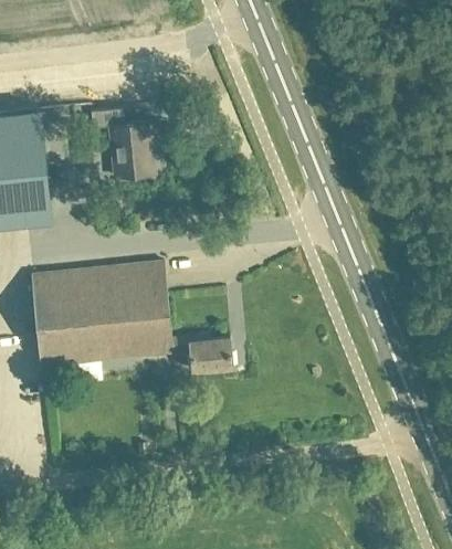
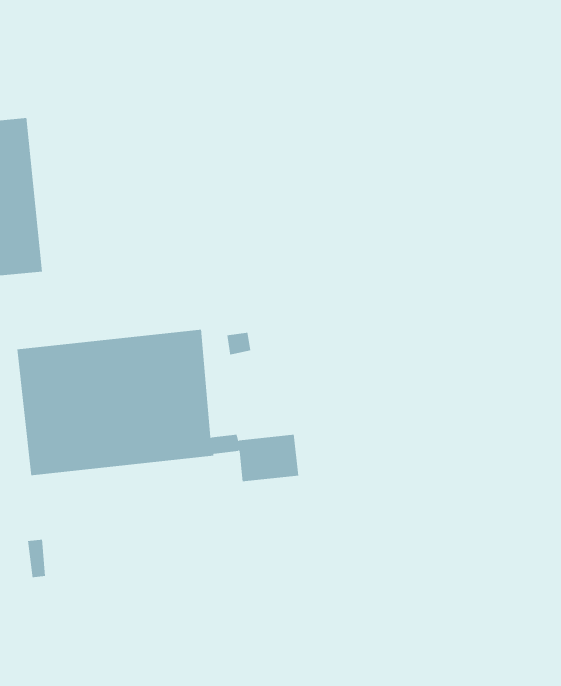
building: [91,110,154,179] -> none

